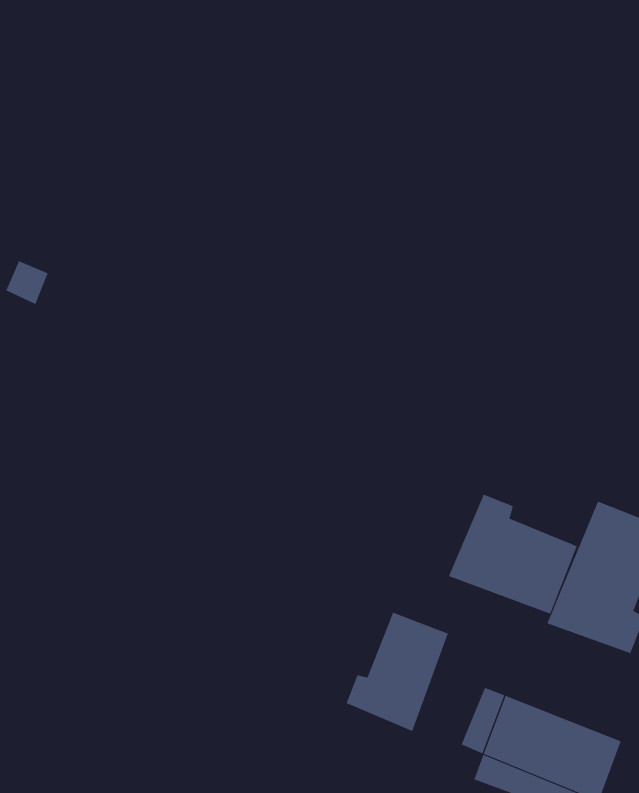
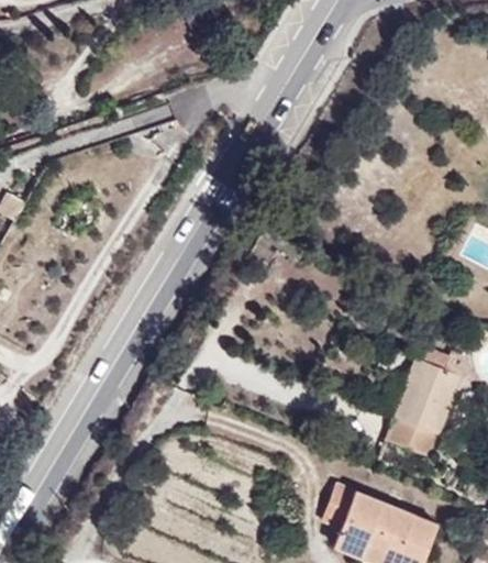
building: [448,494,577,614] -> none
building: [346,612,448,732] -> none

